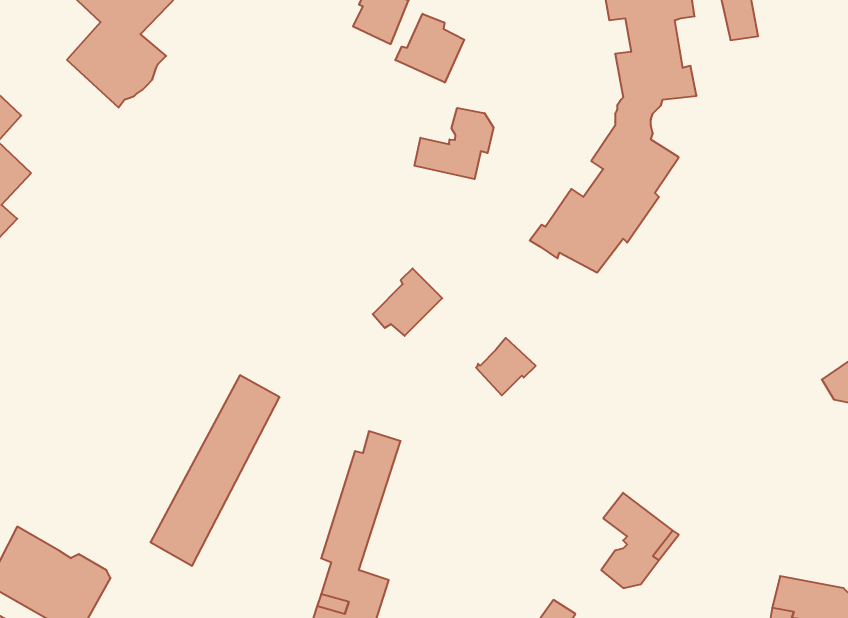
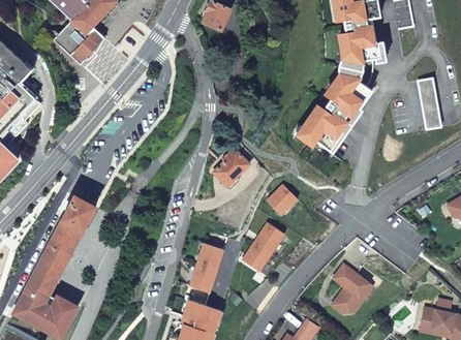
building: [395,14,464,83] -> none
building: [414,108,493,179] -> none
building: none -> [418,79,440,129]
building: [150,375,280,566] -> [28,195,95,295]
building: none -> [242,222,284,271]

